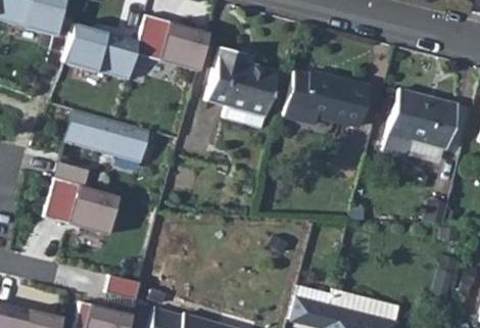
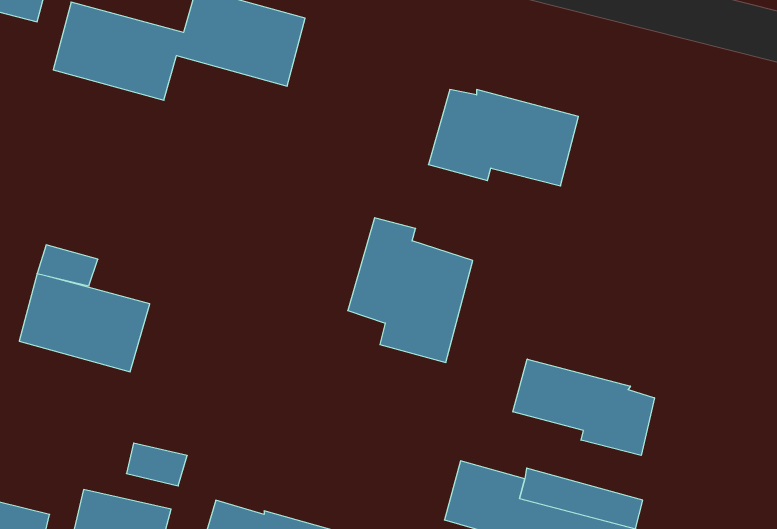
building: [203,48,275,131] -> [348,218,473,362]
building: [381,89,455,158] -> none
building: [66,108,152,162] -> none
building: none -> [513,359,654,455]

